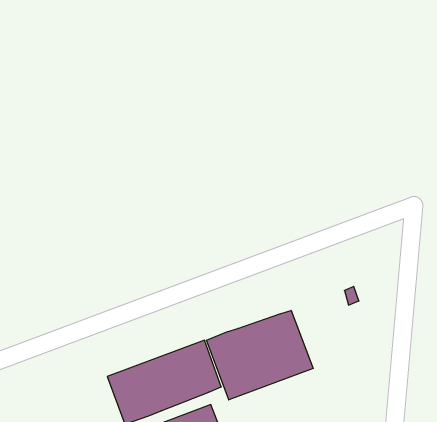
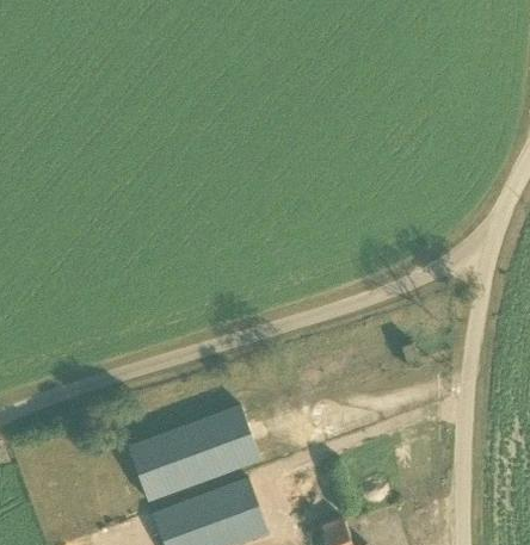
building: [206,310,313,400] -> none

